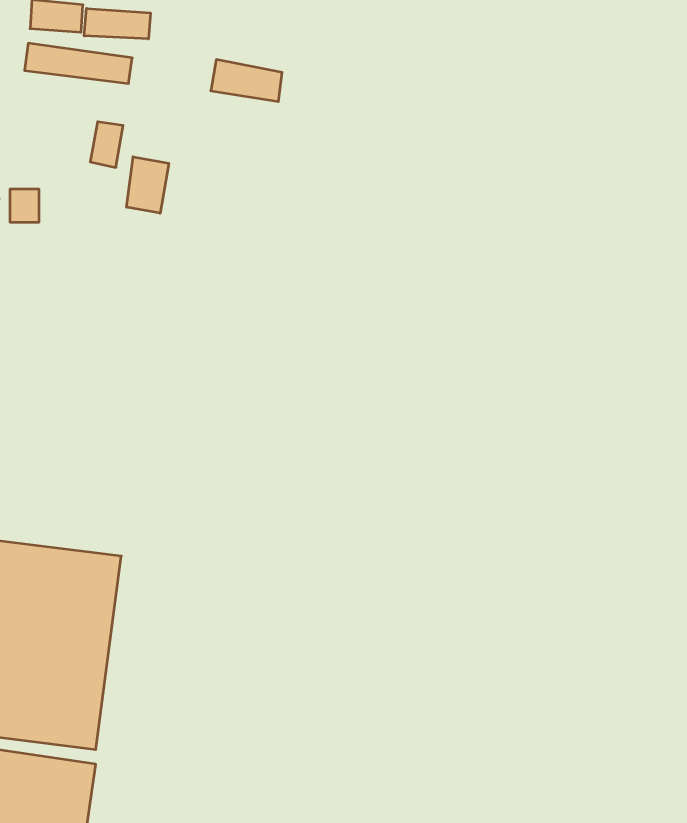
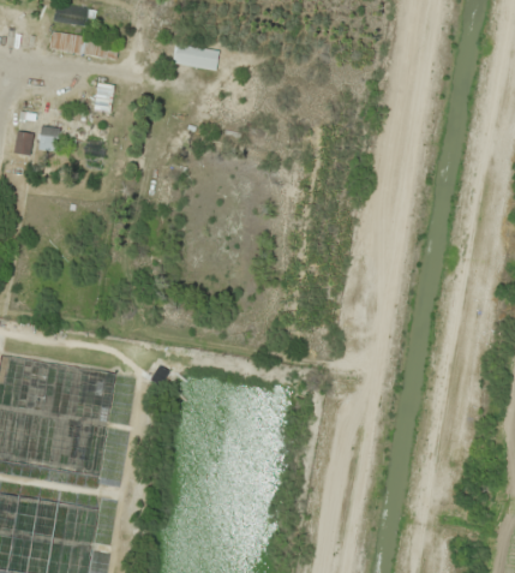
building: [84,8,150,39] -> none
building: [127,157,169,213] -> none

